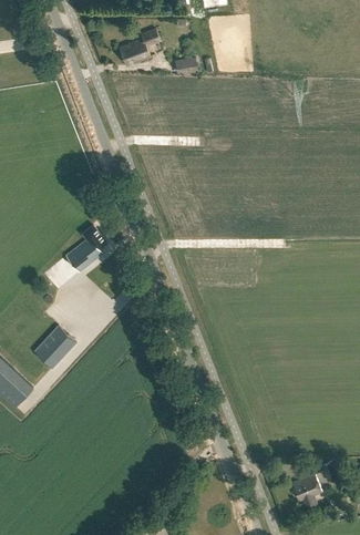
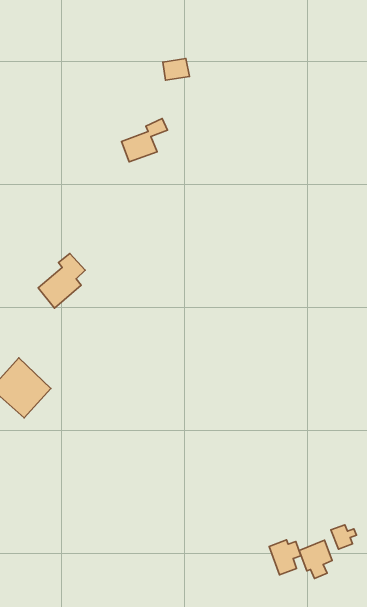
building: [120,29,160,66] -> [122,119,167,162]
building: none -> [269,540,301,575]

